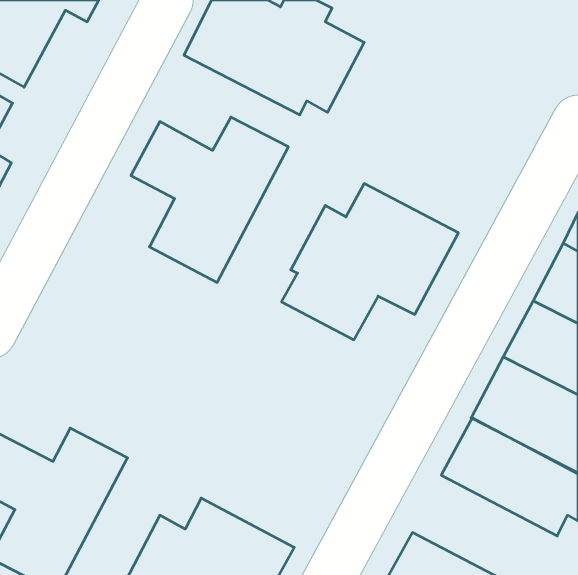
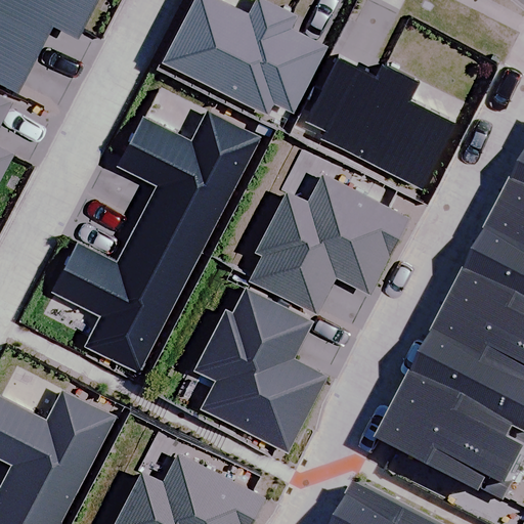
building: none -> [310,54,453,186]
building: none -> [52,230,193,374]
building: none -> [196,289,325,451]

